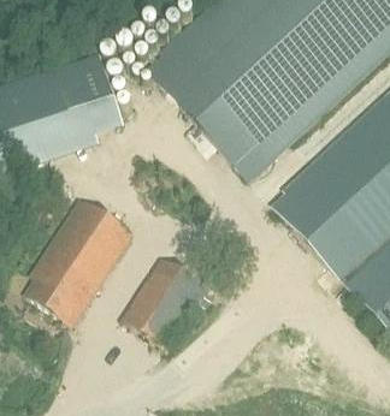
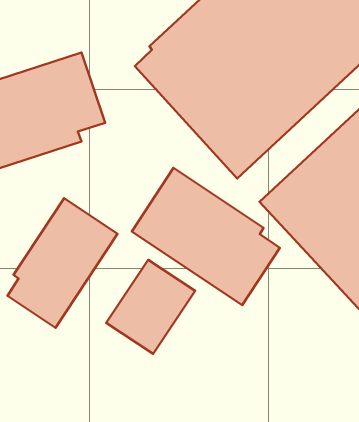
building: none -> [132,168,280,305]

